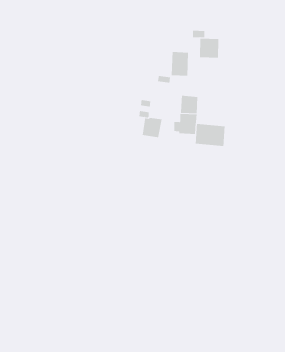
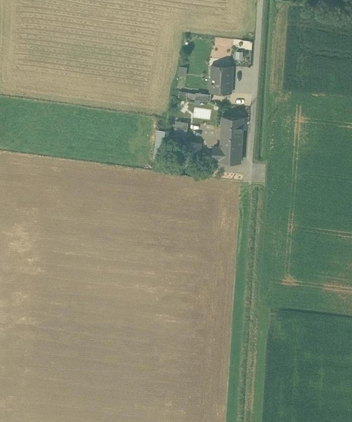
building: [199,38,219,58] -> none
building: [195,123,225,147] -> none

